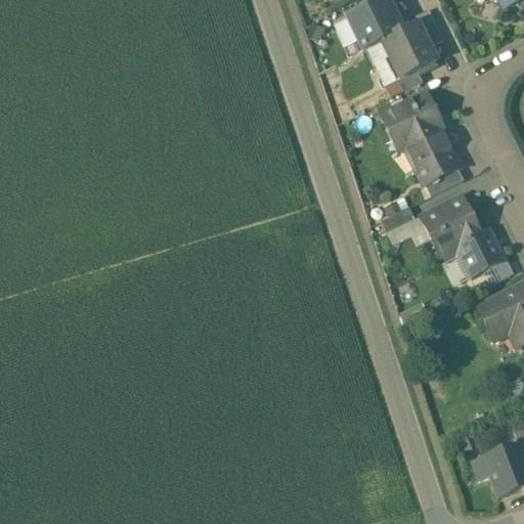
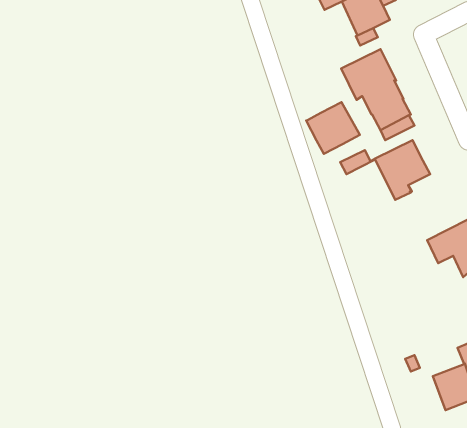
building: none -> [306,102,360,154]
building: [455,227,503,276] -> none

